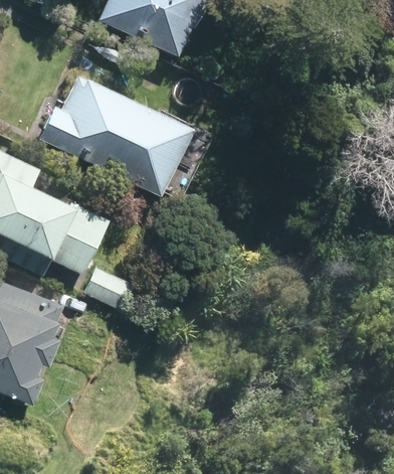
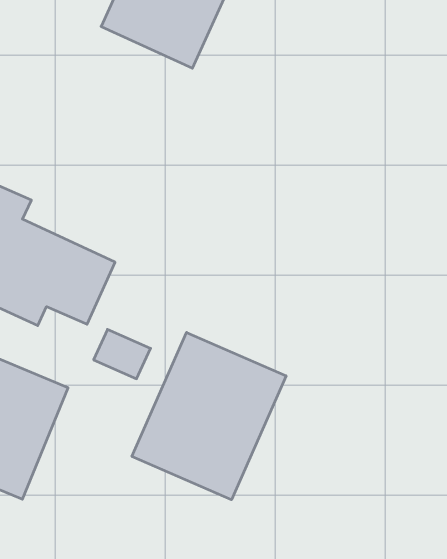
building: [56,71,196,192] -> none
building: none -> [132,332,286,500]

